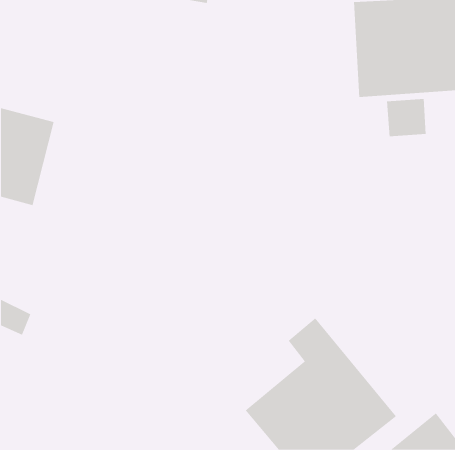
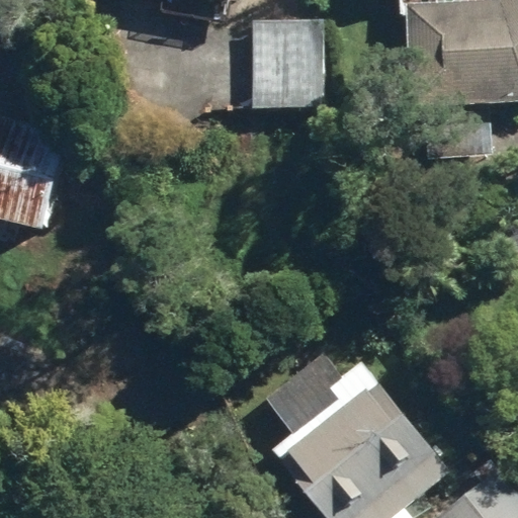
building: none -> [253,17,322,107]

